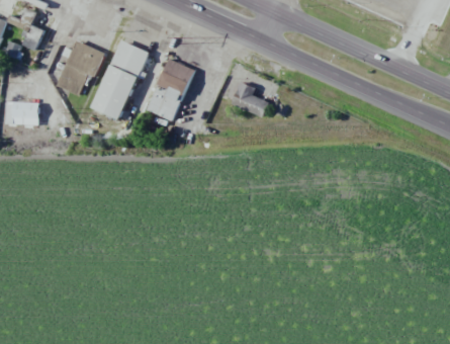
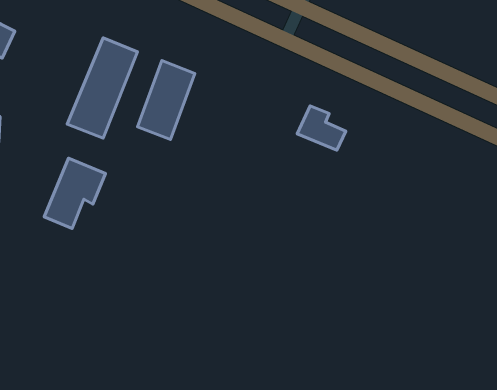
building: [57,39,105,95] -> [44,158,105,228]
building: [231,81,269,116] -> [297,106,346,150]

